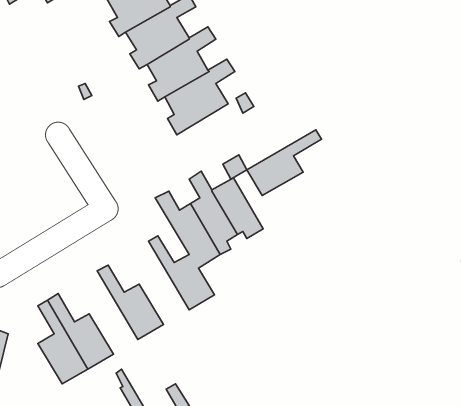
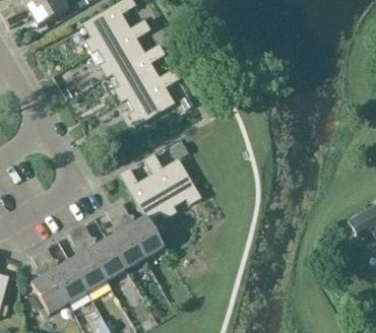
building: [247,130,322,195] -> none
building: none -> [106,206,144,269]
building: none -> [68,228,106,291]

